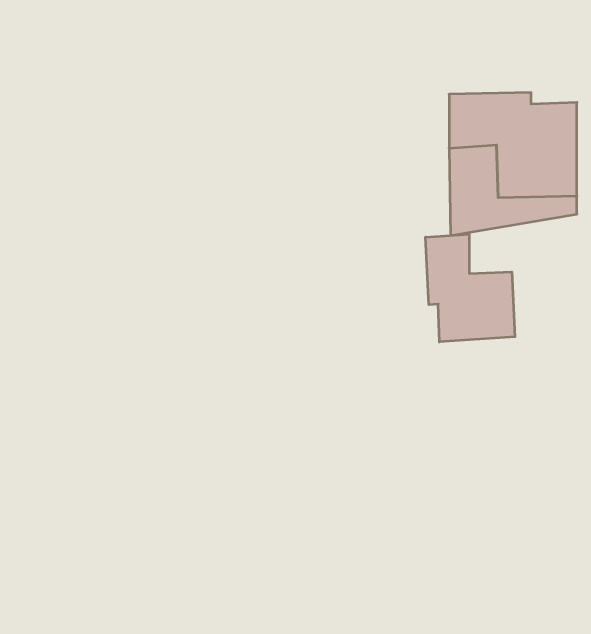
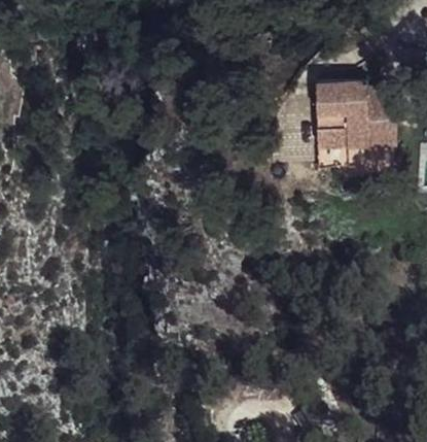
building: [426,234,515,342] -> none

